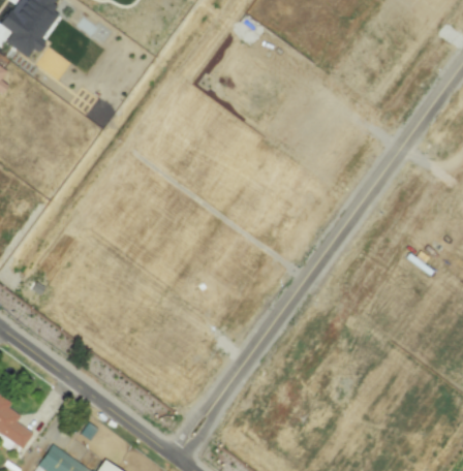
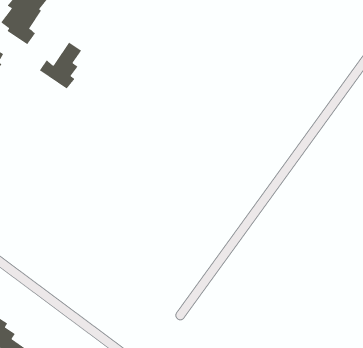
building: none -> [39,41,82,89]

